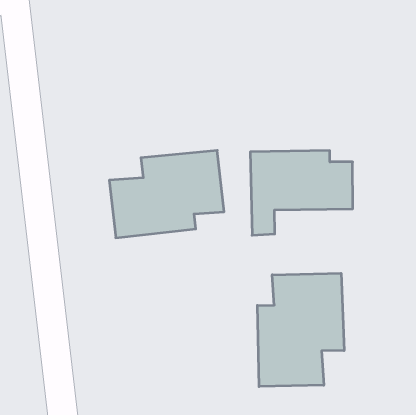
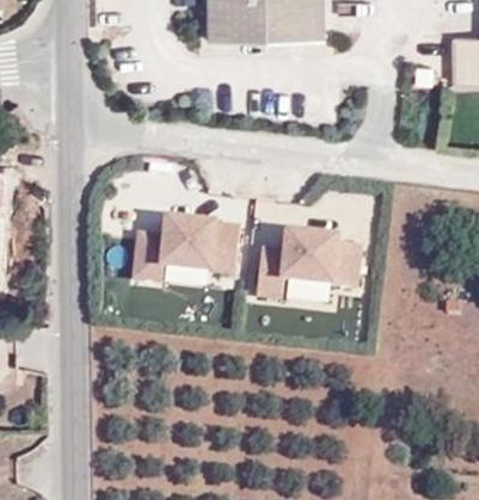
building: [257,273,344,387] -> none

